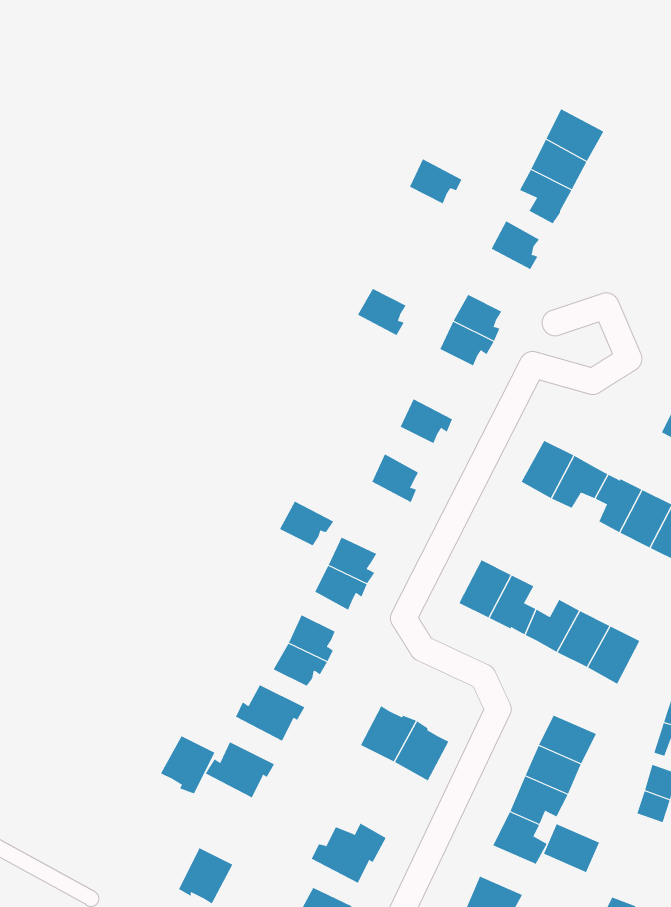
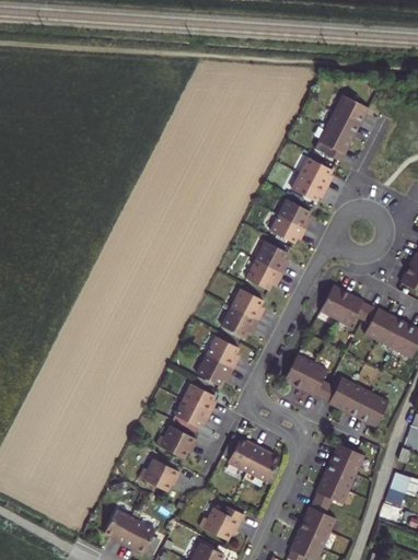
building: [409,159,462,204] -> [294,175,325,201]
building: [357,288,406,336] -> [257,246,286,273]
building: [279,501,334,546] -> [224,310,256,336]
building: [160,736,215,794] -> [102,511,133,545]
building: [543,824,600,873] -> [295,520,328,548]

